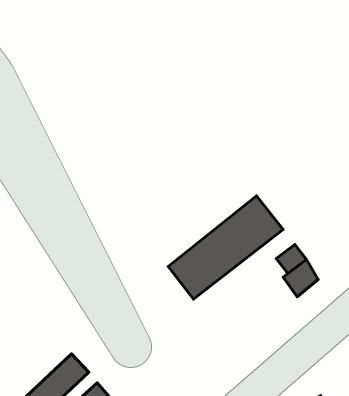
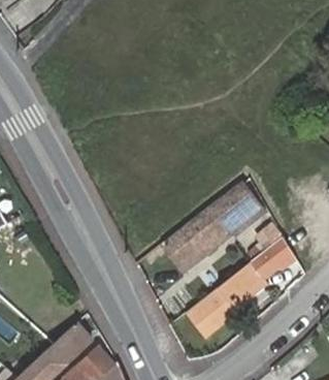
building: none -> [186,263,268,339]

